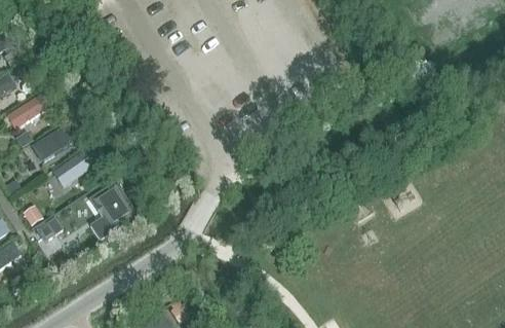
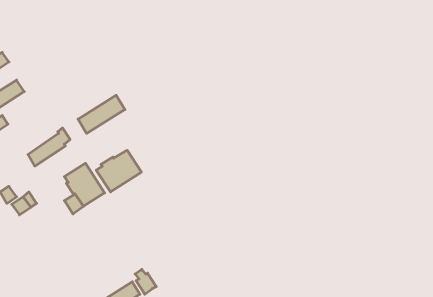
building: [32,120,82,161] -> [78,95,125,133]
building: none -> [96,150,141,192]

